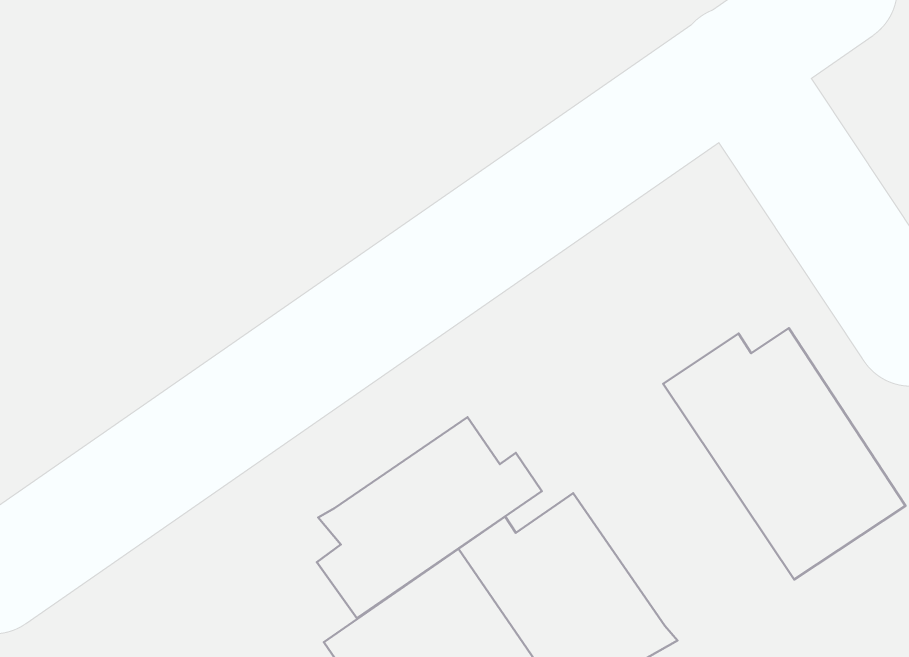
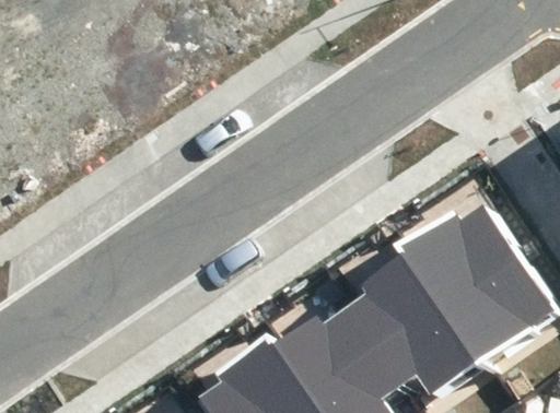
building: none -> [351,239,486,397]
building: [317,417,542,618] -> none

